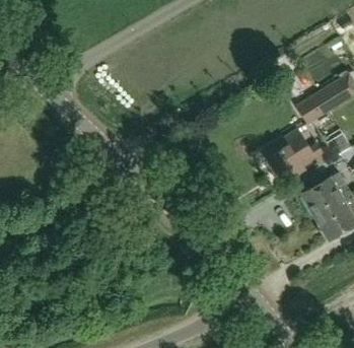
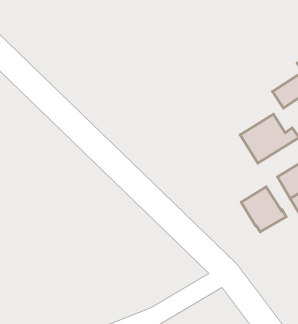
building: none -> [241,187,286,232]

